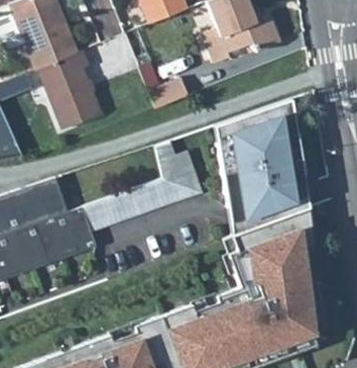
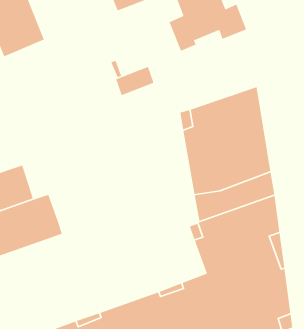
building: [40,51,101,128] -> none
building: [82,140,202,232] -> none

